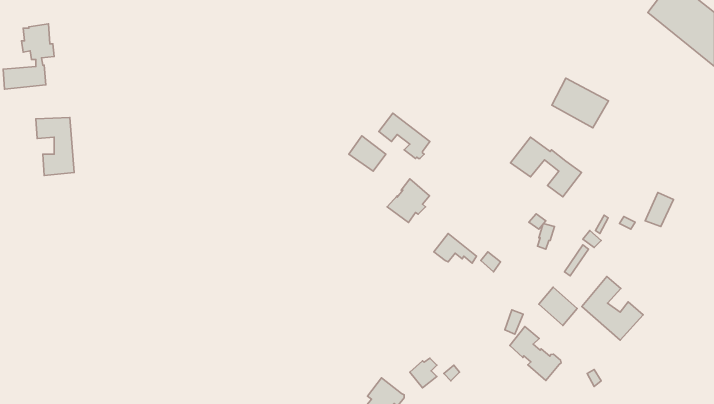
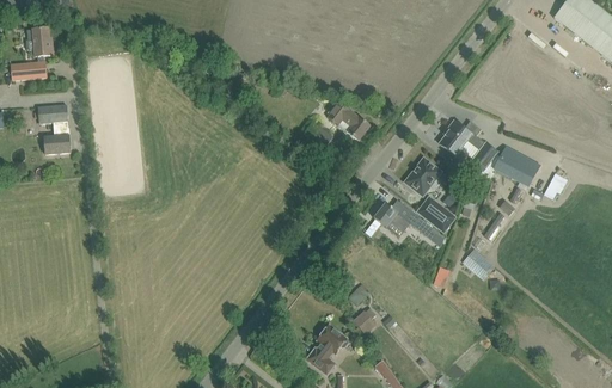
building: [552,78,608,128] -> [492,146,540,187]
building: [387,179,430,223] -> [404,158,440,195]
building: none -> [417,197,453,230]
building: [582,276,643,340] -> none
building: [510,326,561,380] -> none

